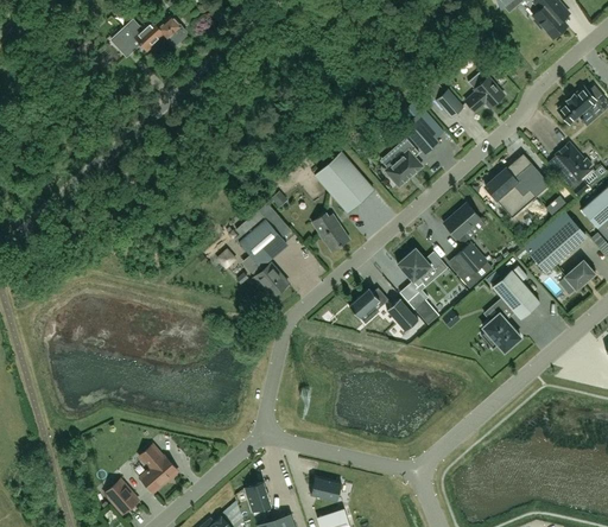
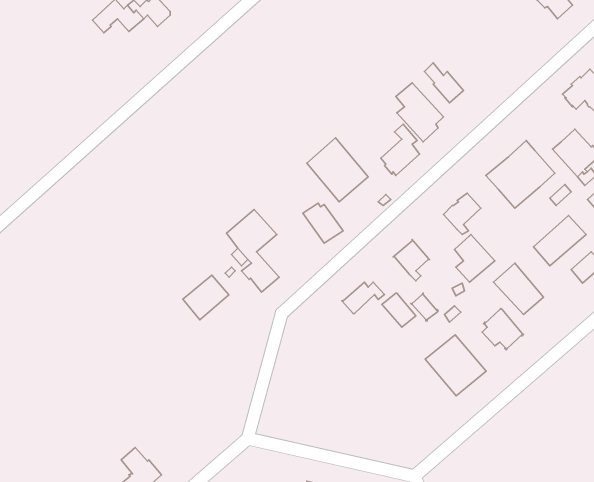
building: [466,77,504,113] -> none
building: none -> [183,275,229,320]
building: none -> [425,335,486,396]

